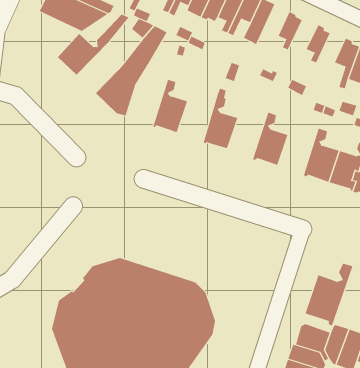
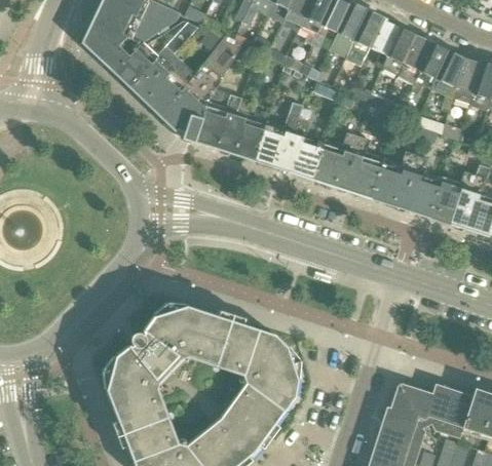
building: none -> [345,11,384,65]
building: none -> [82,20,143,73]
building: none -> [382,30,418,75]
building: none -> [410,45,450,98]
building: none -> [137,54,185,115]
building: none -> [194,89,242,154]
building: none -> [254,114,300,172]
building: none -> [312,132,359,192]
building: none -> [371,152,418,210]
building: [305,263,353,326] -> none

